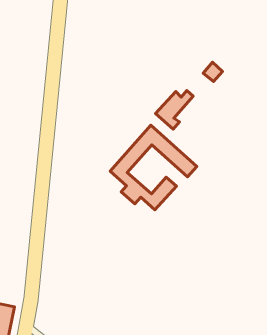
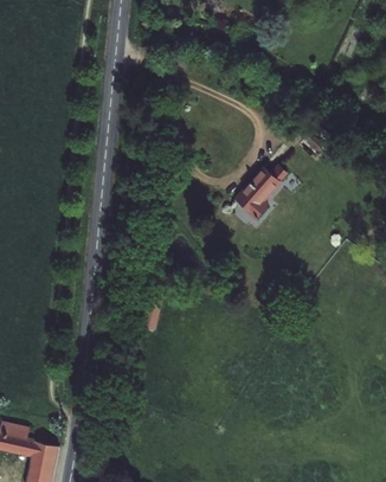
building: [110,125,197,210] -> none

